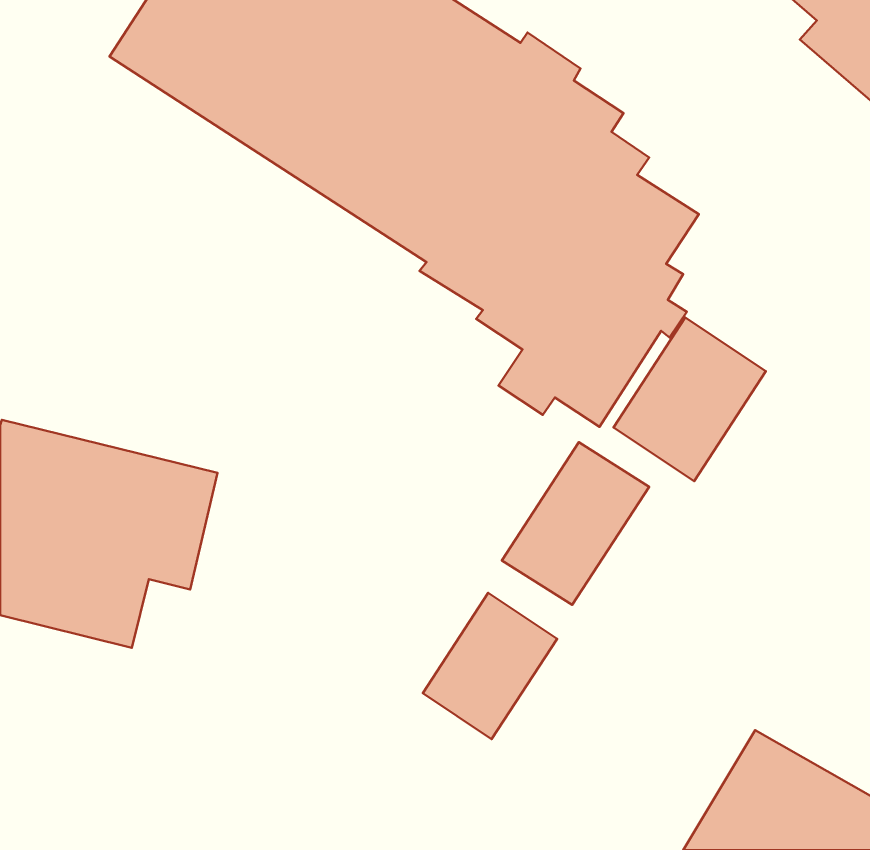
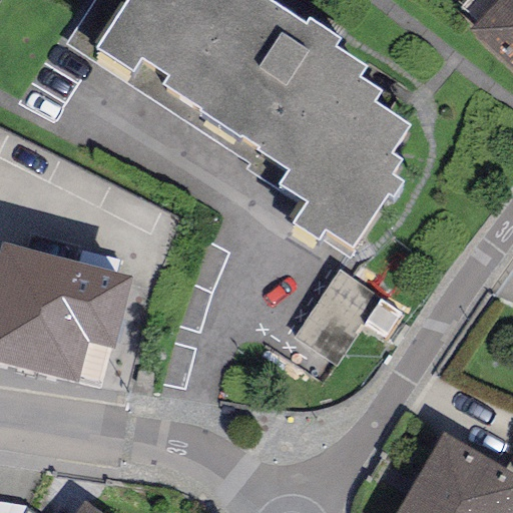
building: [614,317,766,481] -> none
building: [423,593,557,739] -> none

